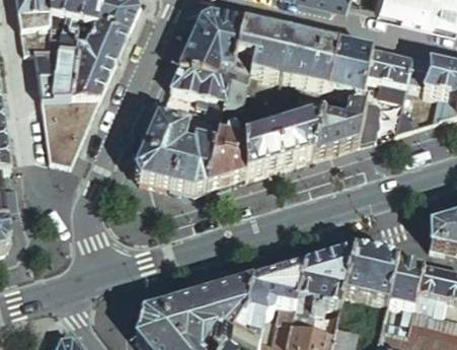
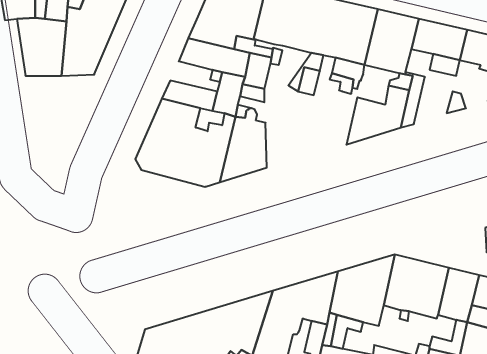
building: [43,95,100,161] -> none
building: [244,113,321,173] -> none

